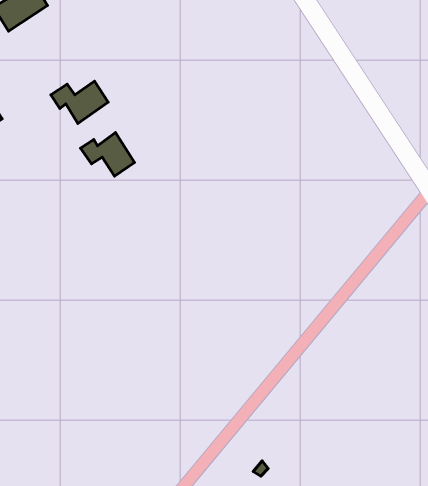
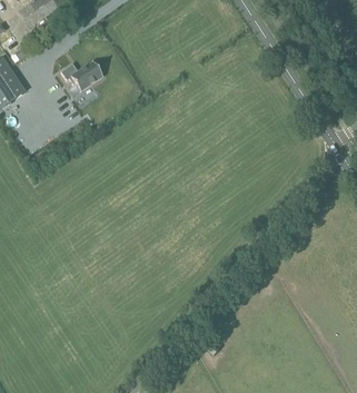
building: [81,133,134,176] -> none

